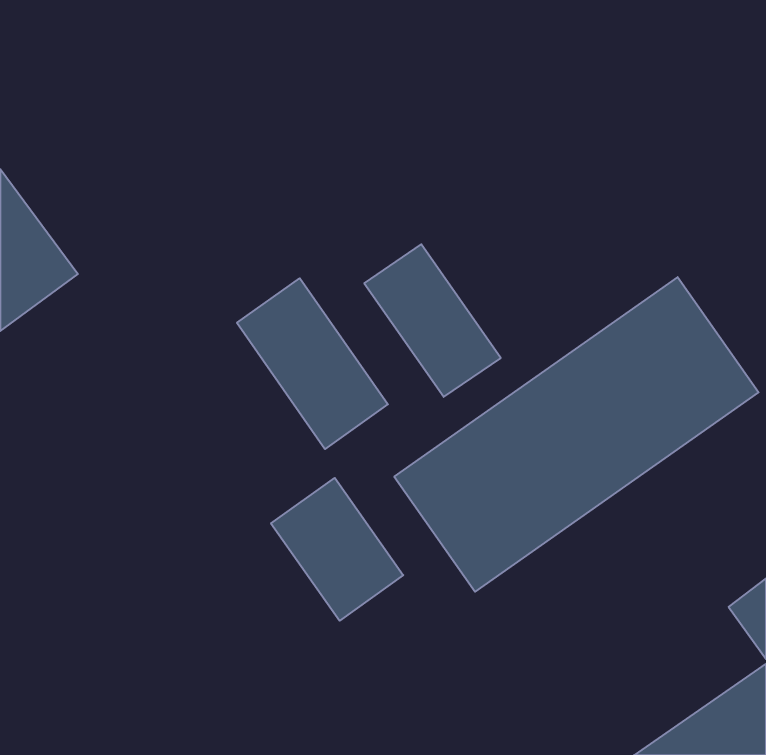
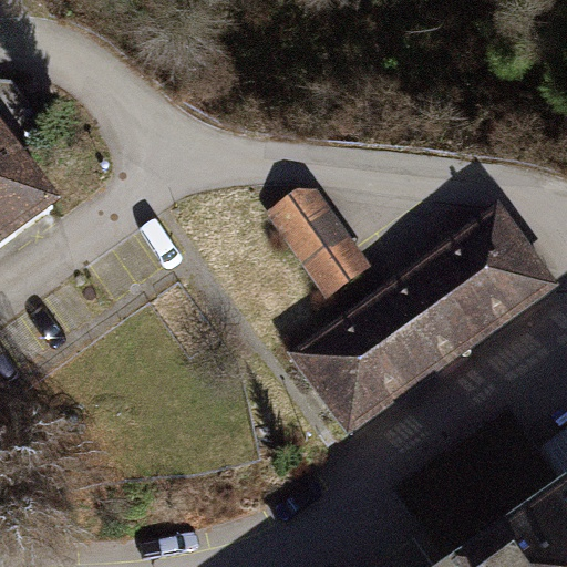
building: [237,278,388,449] -> none
building: [271,478,403,621] -> none

